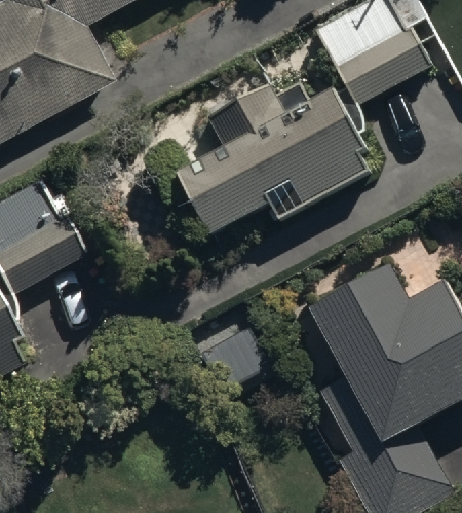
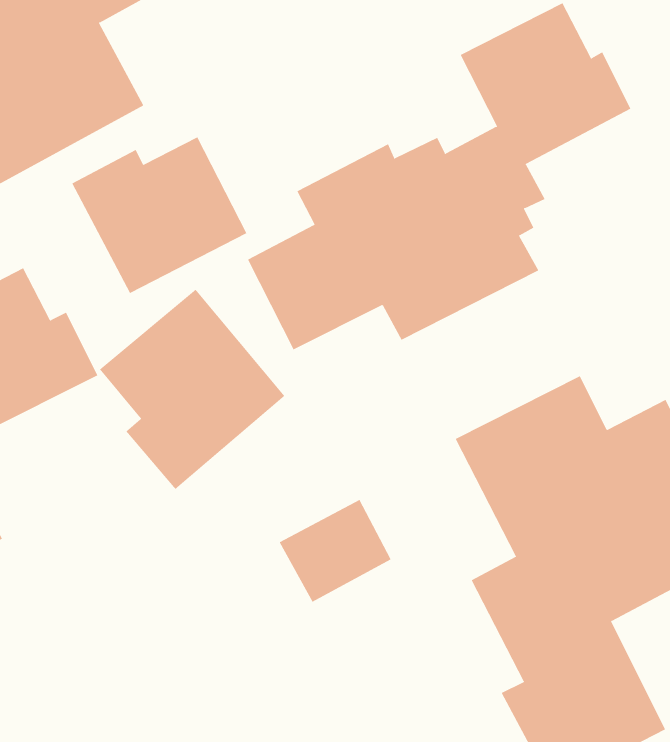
building: none -> [71,136,247,294]
building: none -> [99,289,285,490]

